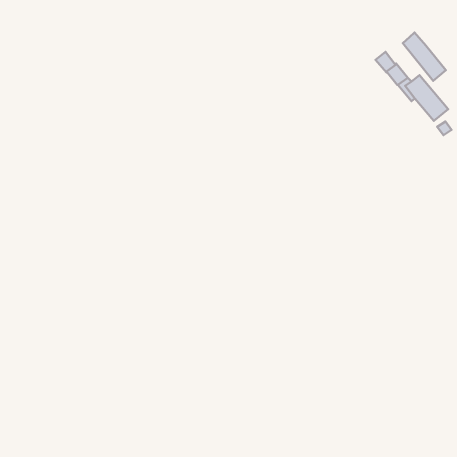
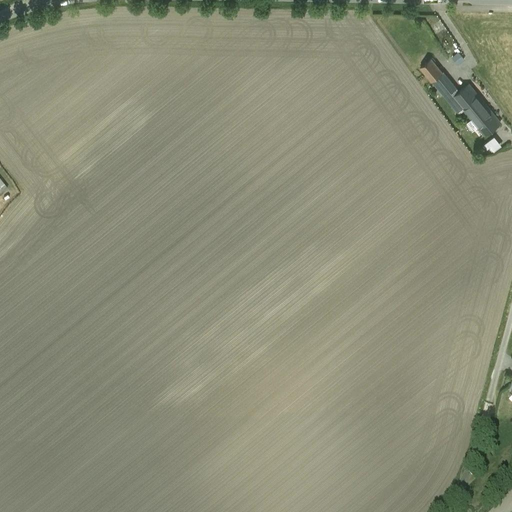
building: [403,32,446,81] -> none

